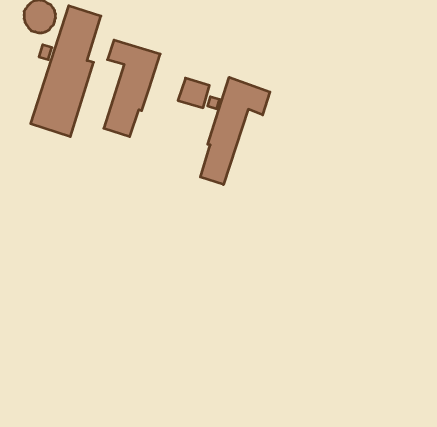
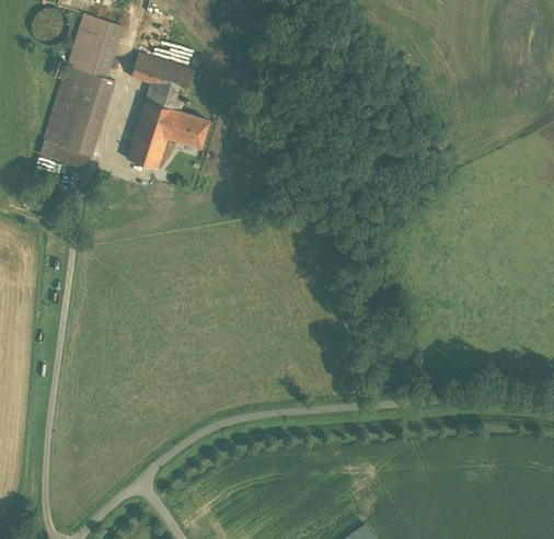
building: [200,77,270,185] -> none
building: [178,78,209,108] -> [171,112,208,147]

